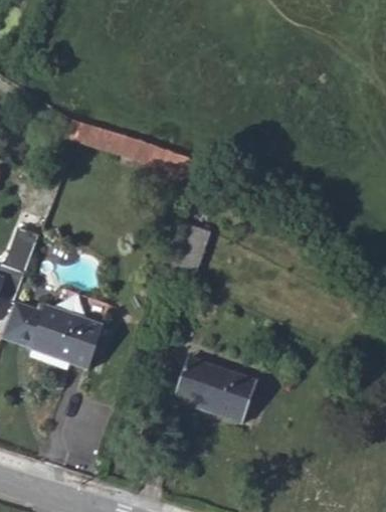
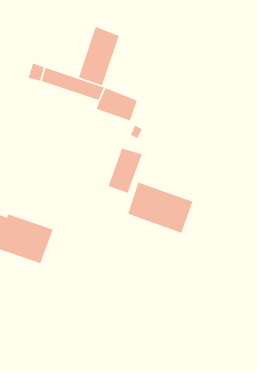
building: none -> [78,26,120,86]
building: [175,357,256,421] -> [127,182,193,234]

